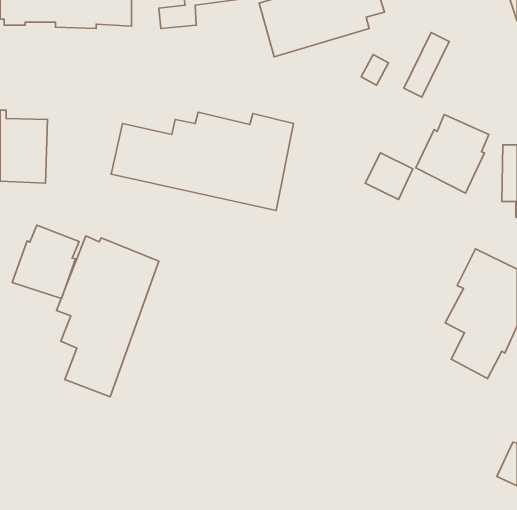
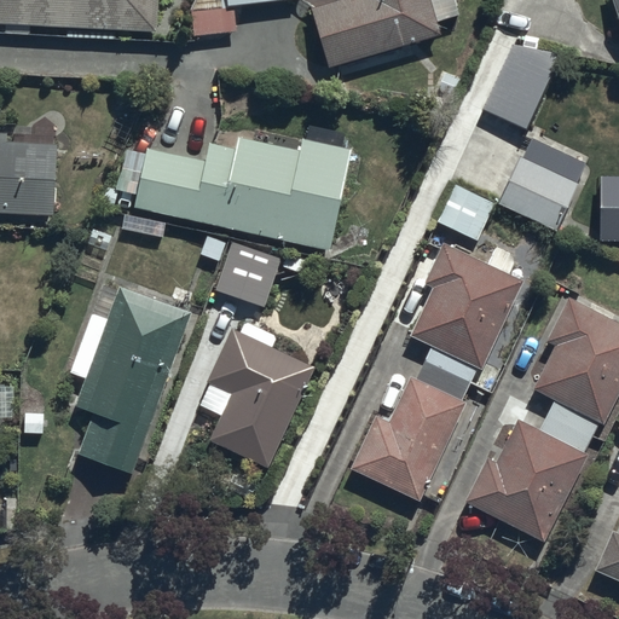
building: none -> [215,241,279,305]
building: none -> [352,242,522,499]
building: [12,225,79,298] -> none
building: none -> [206,328,314,468]
building: none -> [463,420,586,540]

